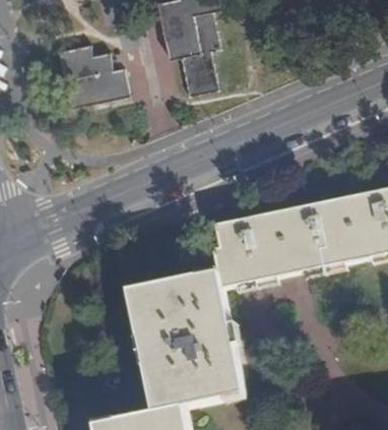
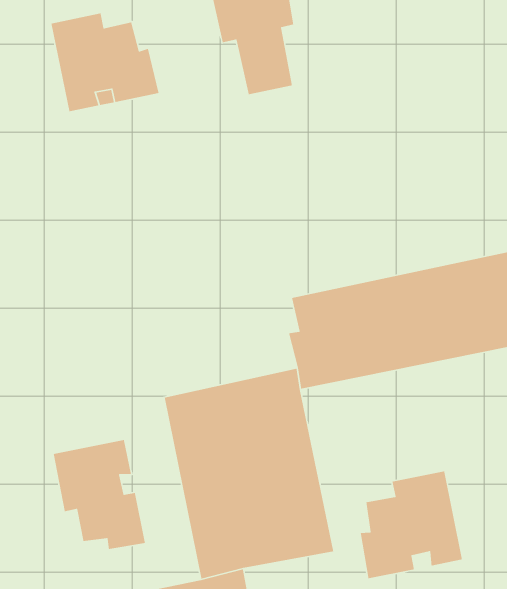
building: none -> [53,439,146,550]
building: none -> [360,471,463,579]

